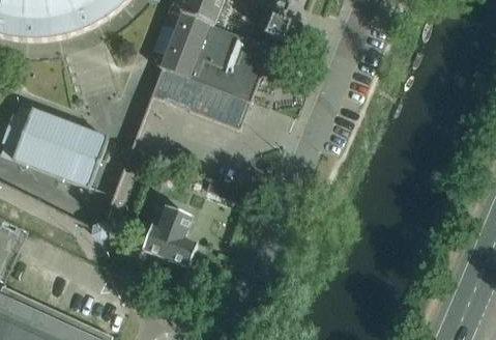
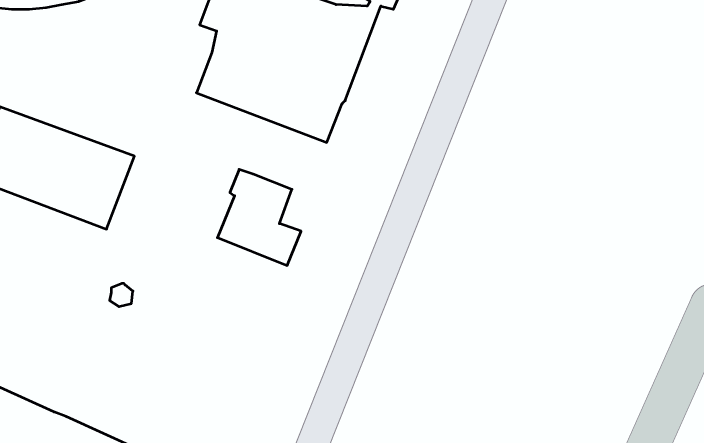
building: [142,204,198,268] -> [217,169,301,265]

